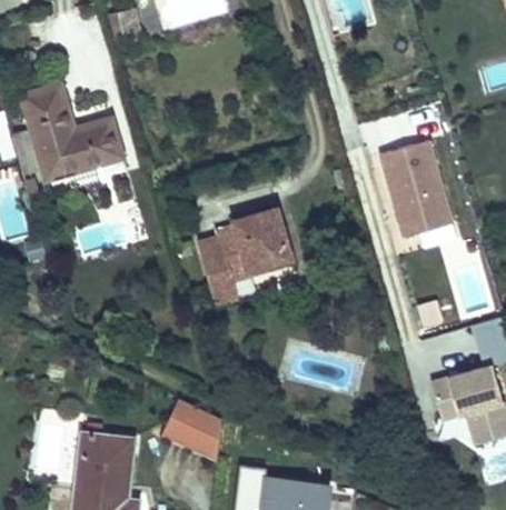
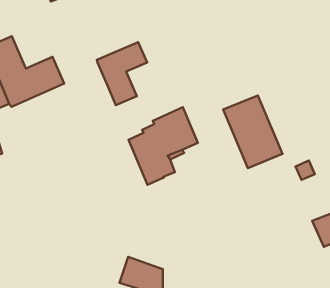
building: none -> [97,42,147,105]
building: [380,140,453,236] -> [223,95,283,168]

